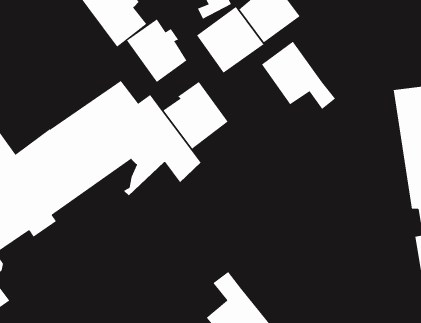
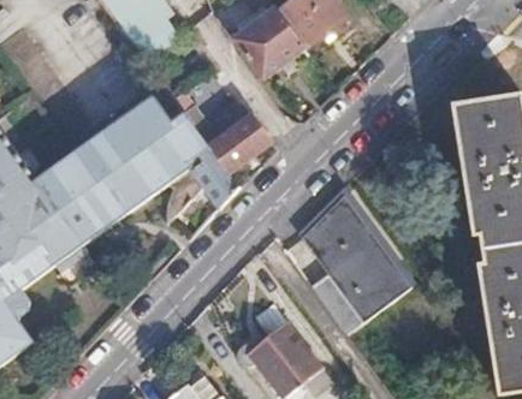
building: [126,18,187,83] -> none
building: [261,41,336,110] -> none
building: none -> [293,196,411,335]

